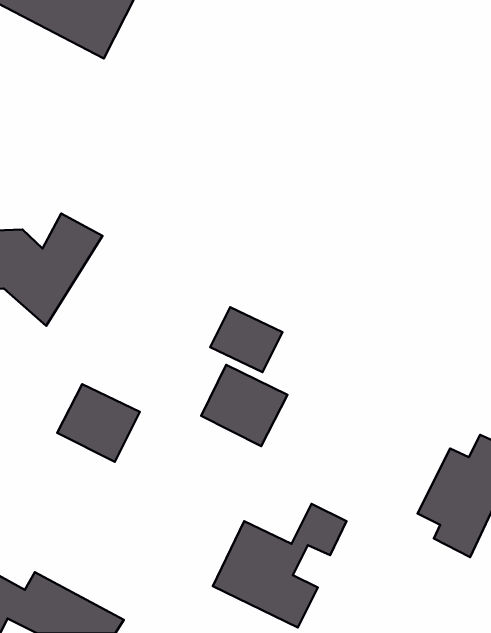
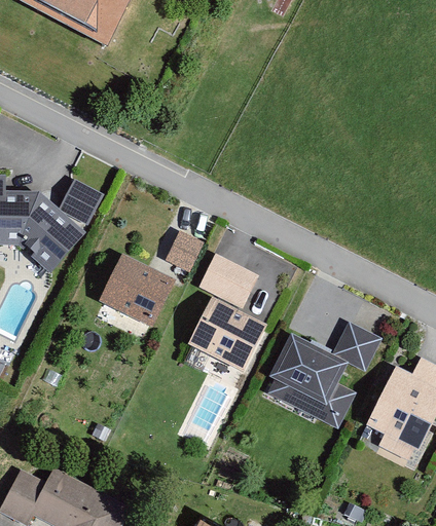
building: none -> [162,229,203,271]
building: [57,384,140,462] -> [102,259,170,323]
building: [213,504,347,628] -> [266,325,376,426]

